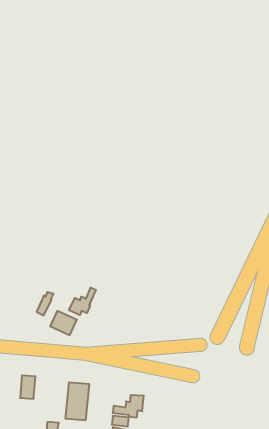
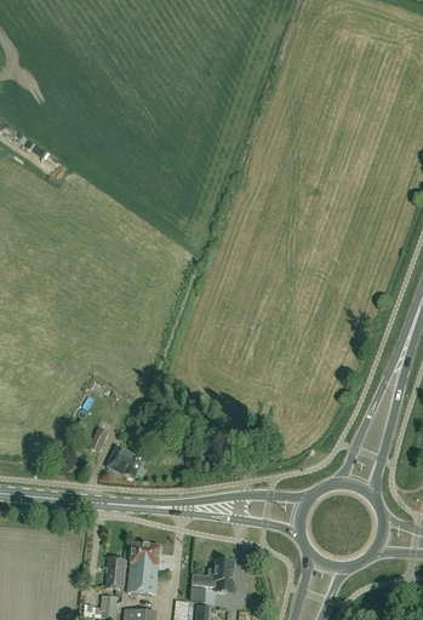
building: [69,288,96,315] -> none
building: [20,375,35,399] -> [105,557,126,589]

